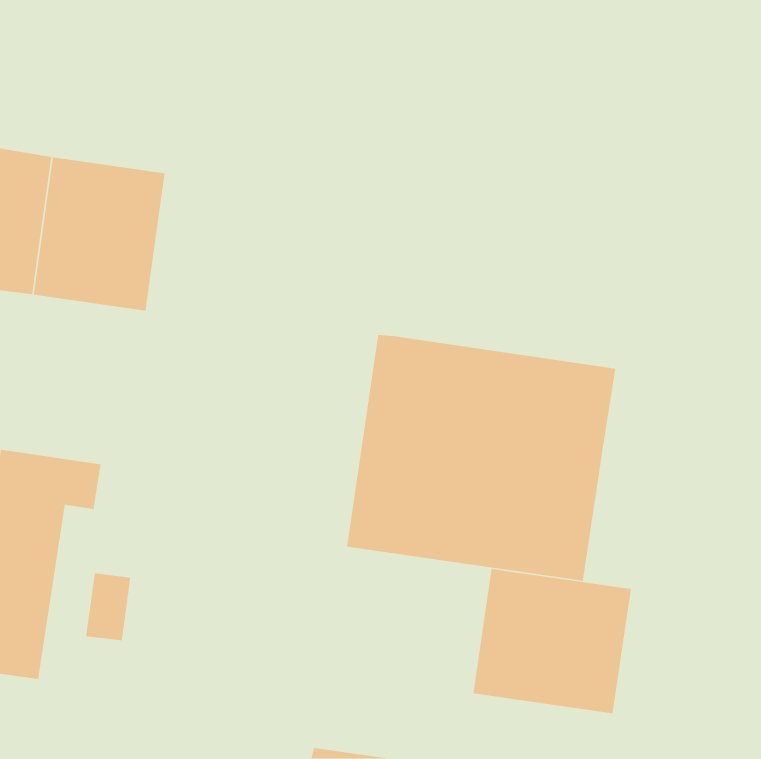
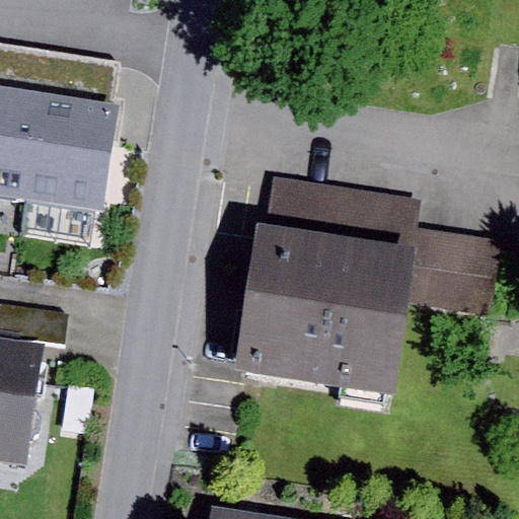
building: none -> [268,177,470,309]
building: [472,568,632,714] -> none

